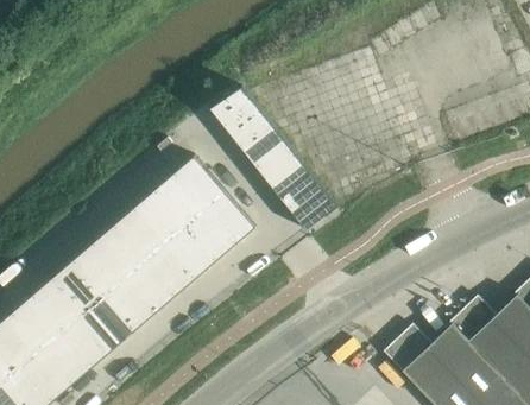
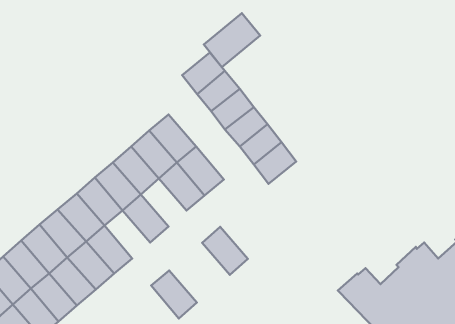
building: none -> [204,13,260,67]
building: [164,227,215,280] -> [202,227,248,275]
building: [124,262,175,316] -> [151,271,197,319]

